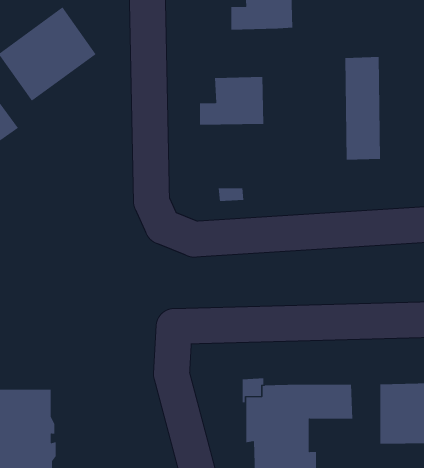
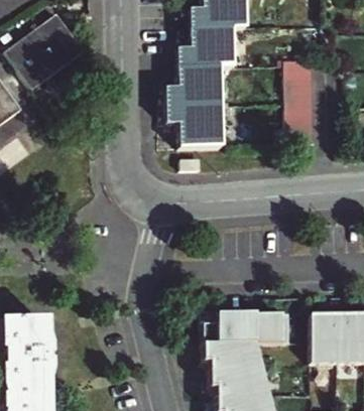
building: none -> [179,28,233,67]
building: none -> [168,105,221,145]

